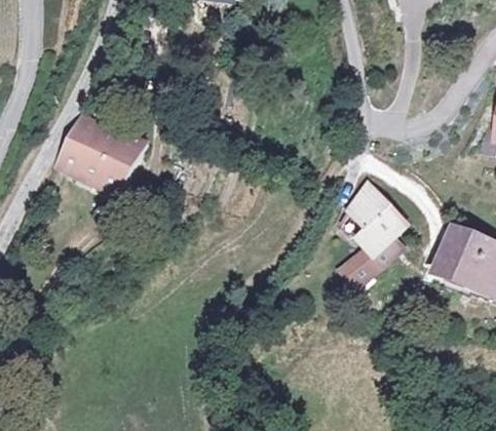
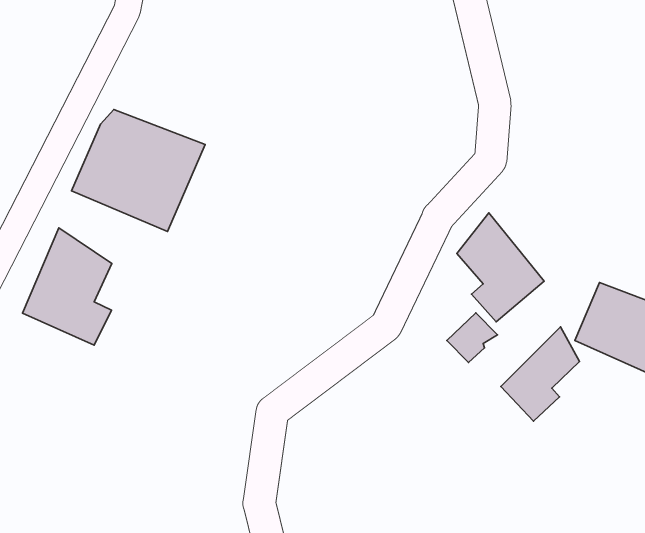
building: none -> [23,228,112,345]
building: none -> [501,327,580,421]

